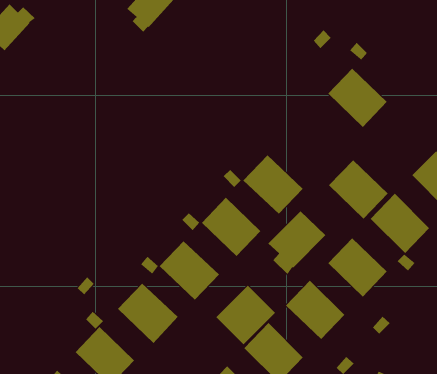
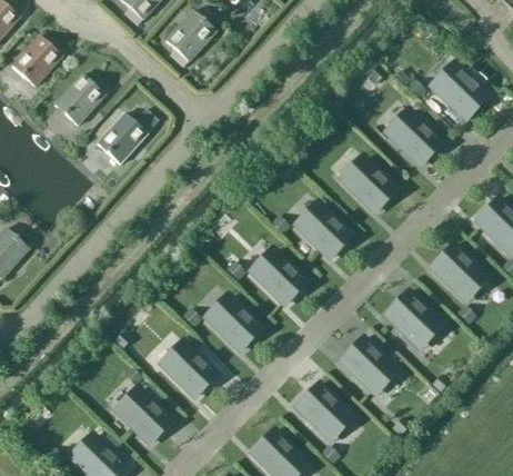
building: none -> [426,58,491,123]
building: none -> [54,75,110,126]
building: none -> [98,109,159,165]
building: [328,159,388,219] -> [335,151,400,216]
building: [268,210,326,275] -> none
building: [216,285,276,345] -> none

